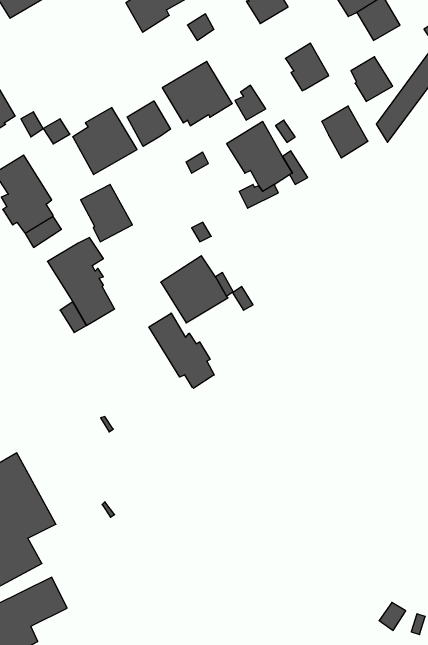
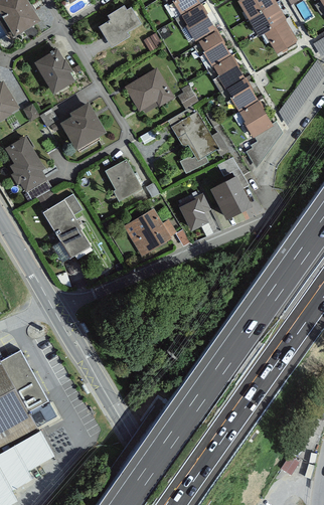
building: none -> [197,30,230,66]
building: none -> [33,47,73,93]
building: [351,57,393,101] -> [226,77,257,110]
building: [127,101,170,146] -> none
building: [81,184,132,242] -> [104,159,141,200]
building: none -> [209,173,252,218]
building: none -> [178,193,210,230]
building: [149,313,214,388] -> none

